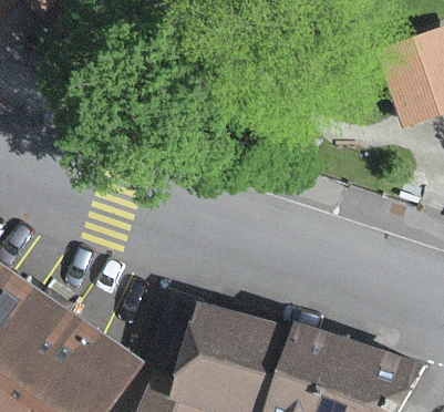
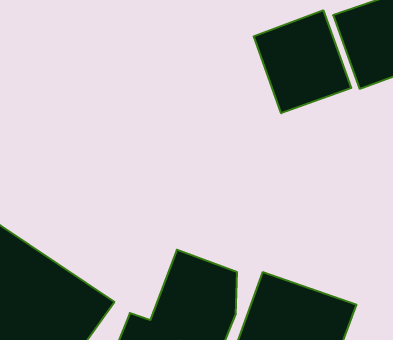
building: none -> [254,10,351,113]

